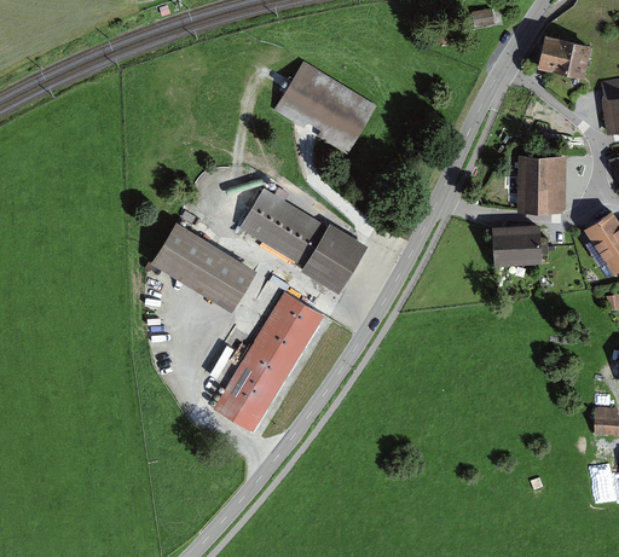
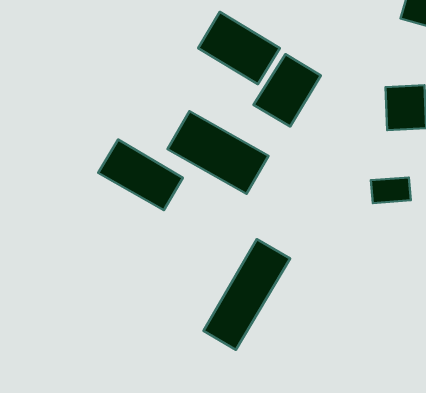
building: none -> [253,54,321,127]
building: [490,233,540,266] -> [371,177,411,203]
building: [214,292,324,433] -> [204,239,290,350]

